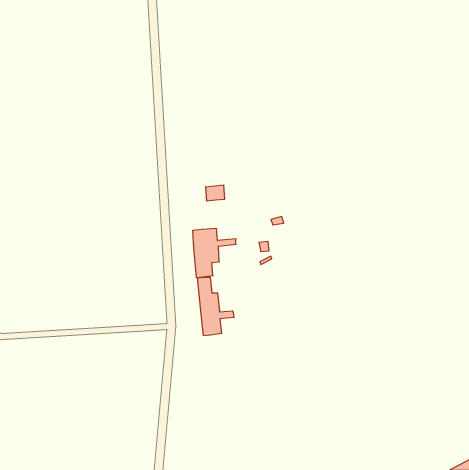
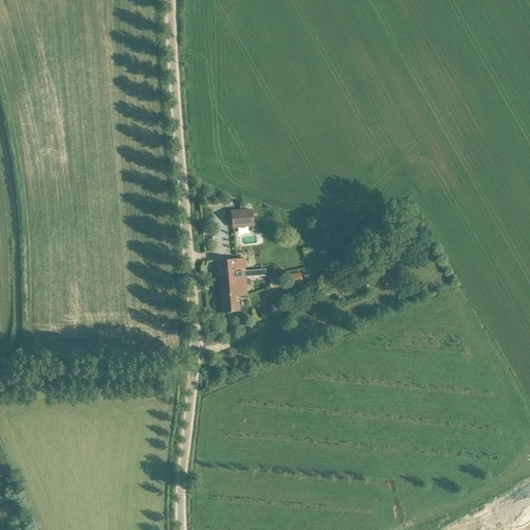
building: [198,277,234,336] -> none

